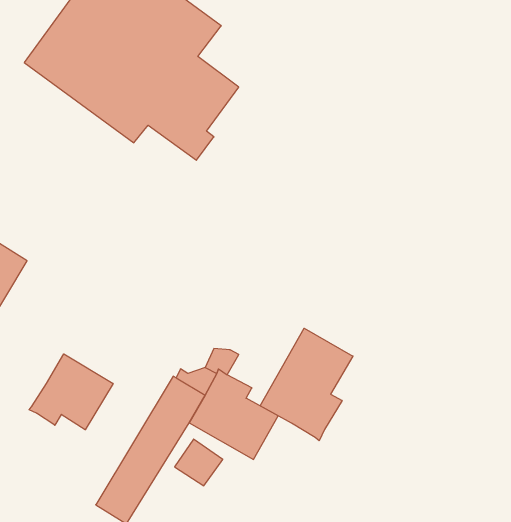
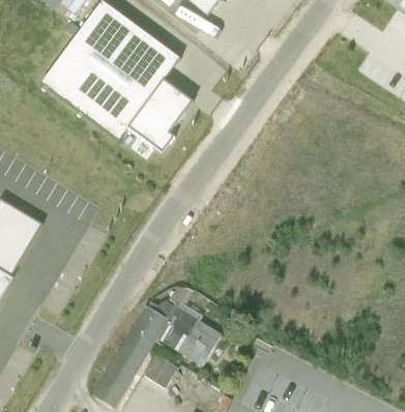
building: [260,328,353,441] -> none
building: [29,354,113,430] -> none

